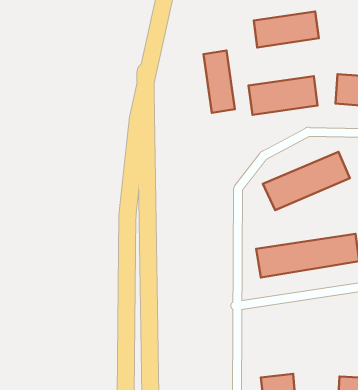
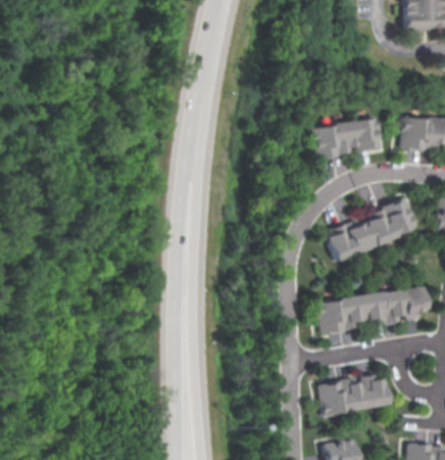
building: [254,12,319,47] -> none
building: [203,51,235,113] -> none
building: none -> [317,374,388,418]

